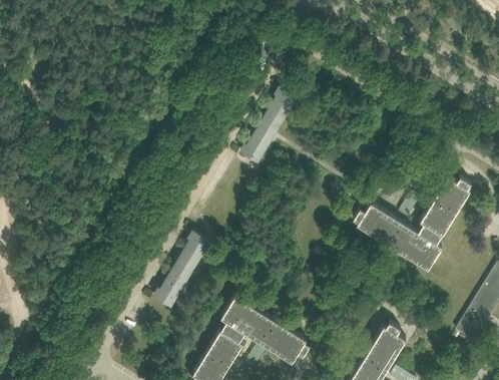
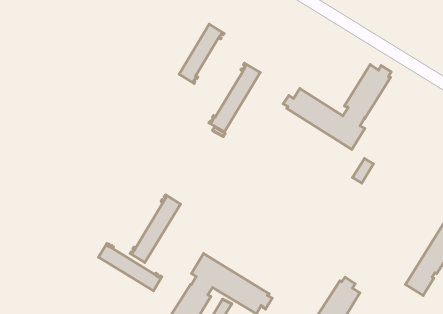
building: none -> [179,24,224,83]
building: [353,177,471,271] -> [283,65,391,150]
building: none -> [99,243,162,291]

